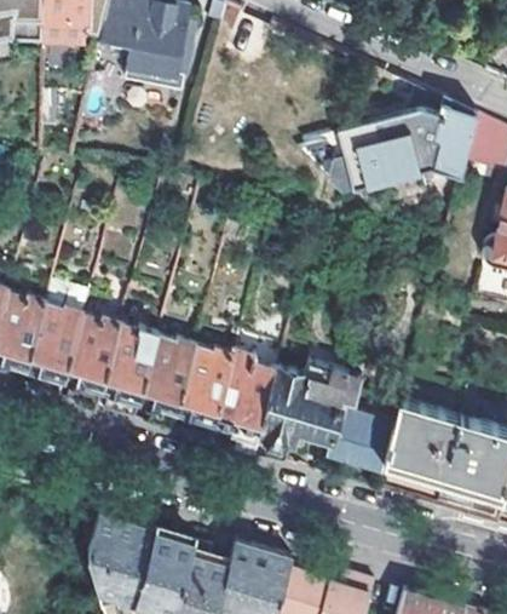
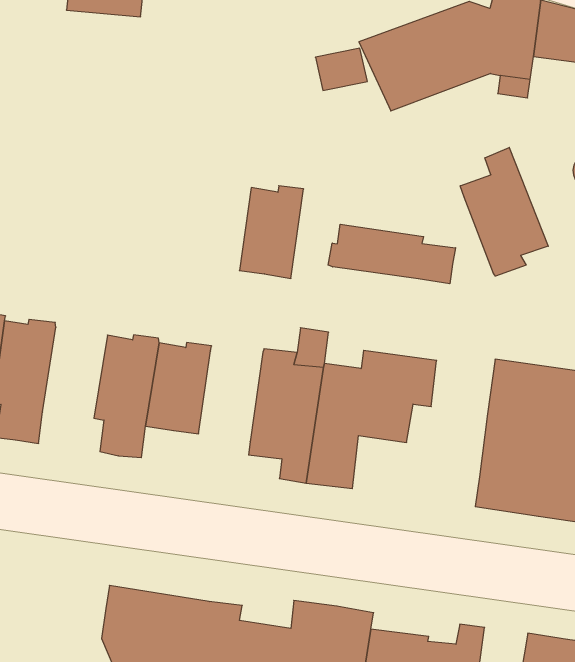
building: none -> [460,147,548,276]
building: none -> [328,224,456,284]
building: [65,312,121,384] -> none
building: [179,345,235,417] -> [239,186,304,278]
building: [328,404,396,465] -> none

